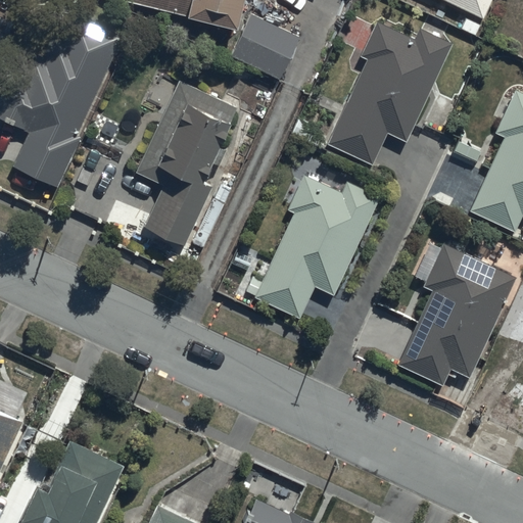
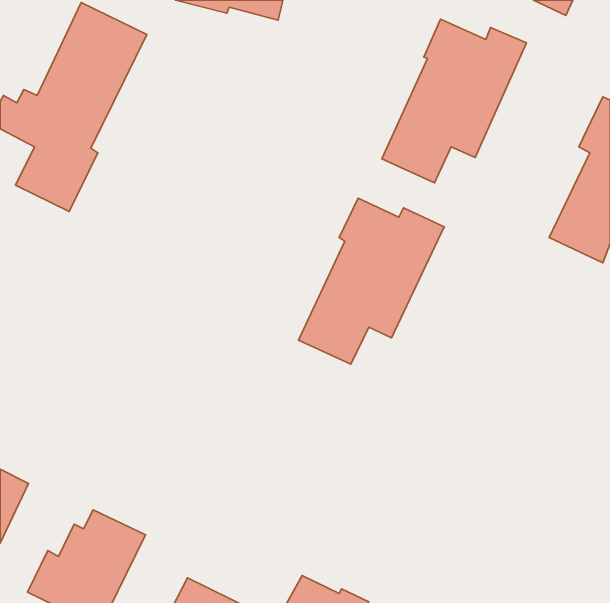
building: [231,15,301,80] -> none
building: [135,87,236,250] -> none
building: [400,244,516,383] -> none

